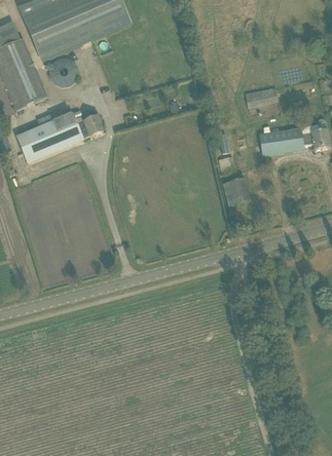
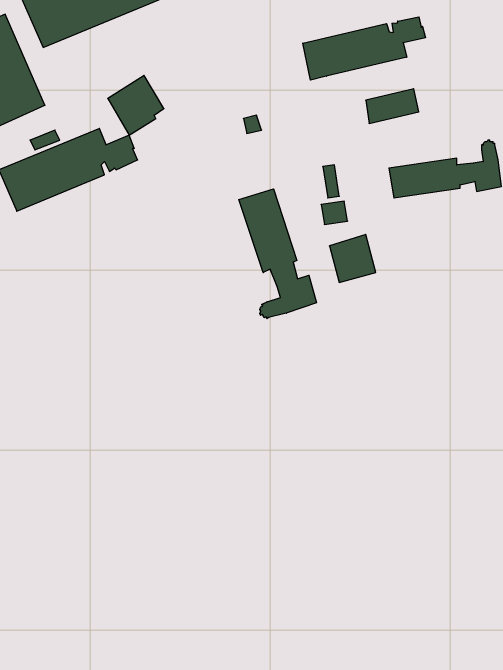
building: none -> [303,17,425,80]
building: [44,51,79,88] -> [108,75,164,135]
building: none -> [239,189,316,319]

